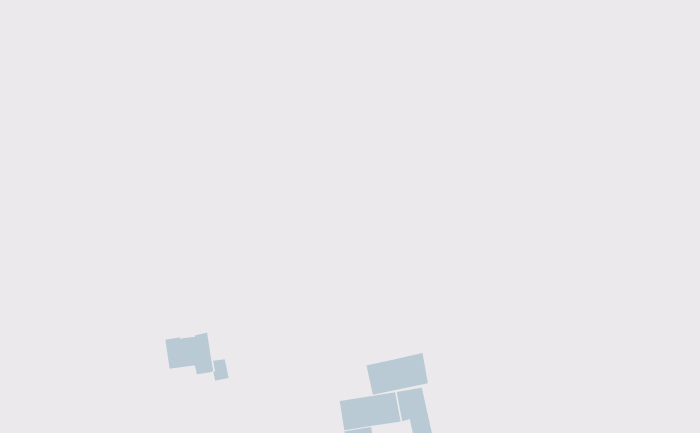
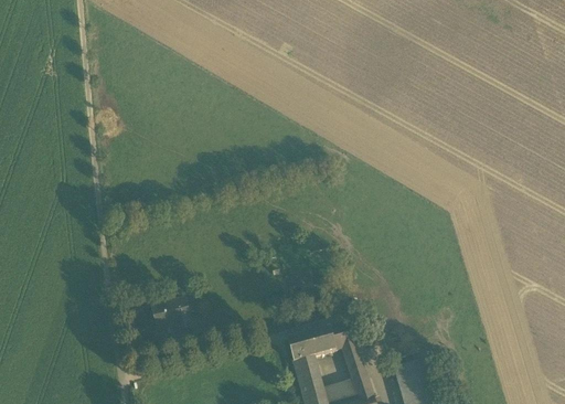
building: [366,352,429,396] -> none

